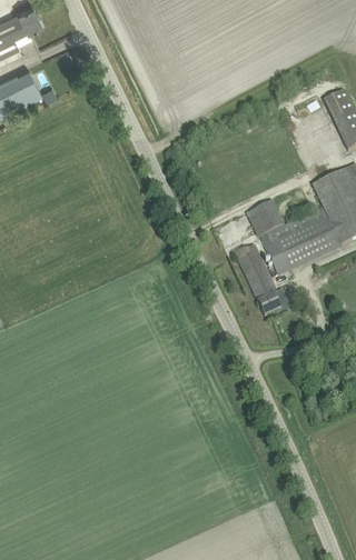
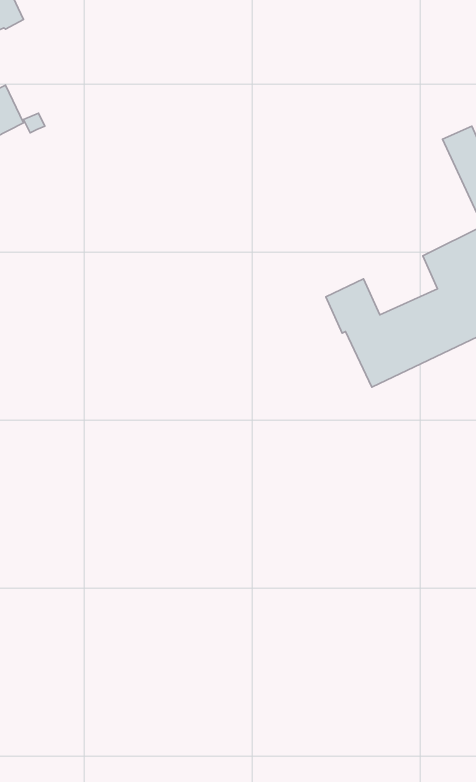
building: [236,244,281,316] -> none

